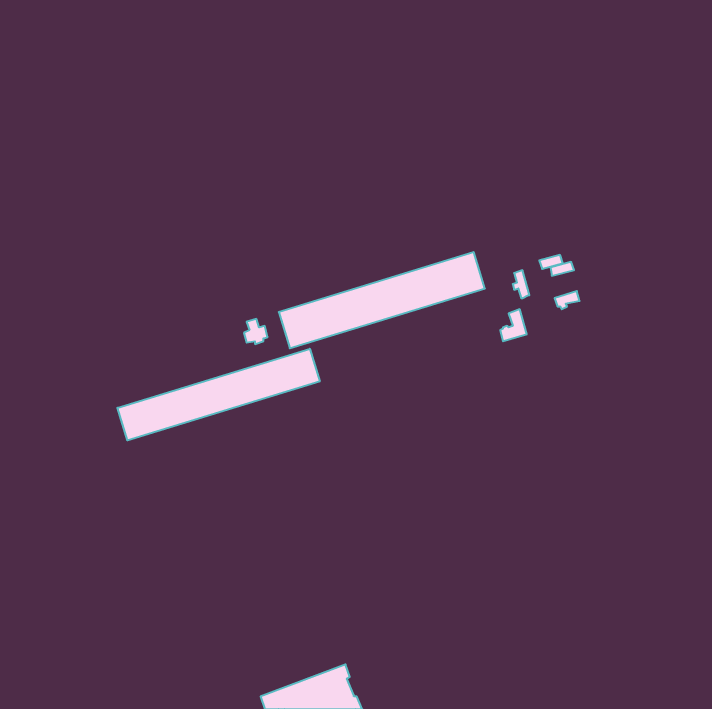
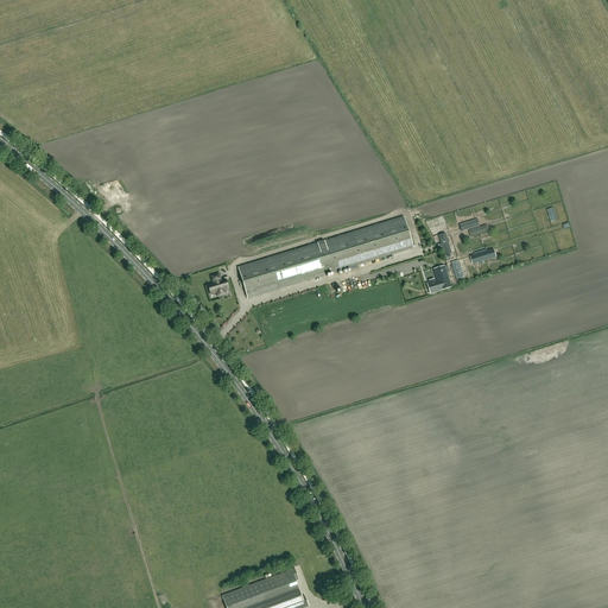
building: [117,349,320,440] -> none

